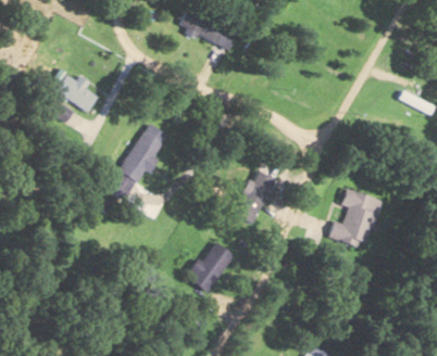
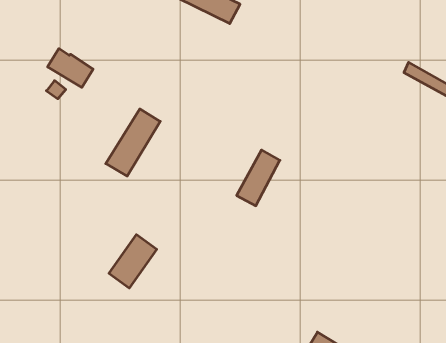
building: [335,188,382,245] -> none
building: [187,240,233,291] -> [109,235,157,288]

